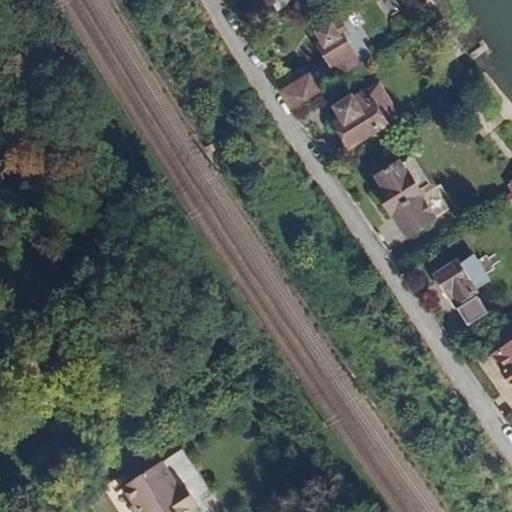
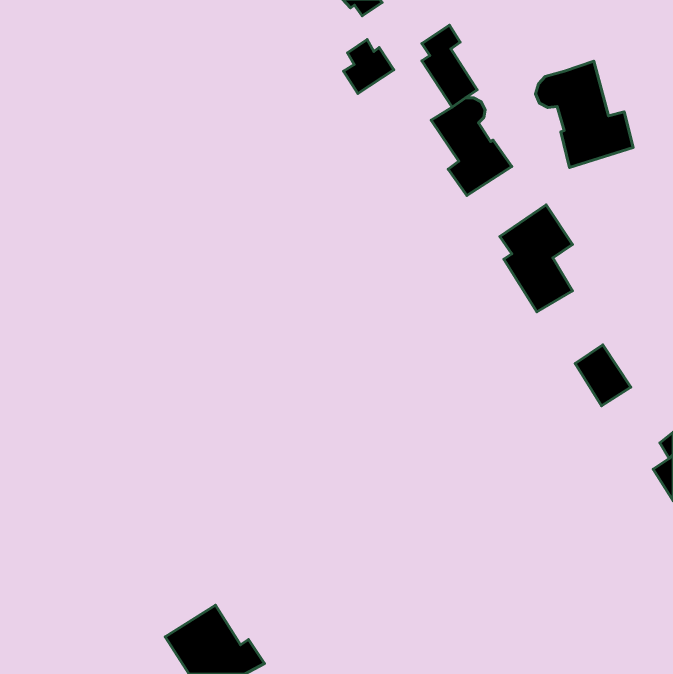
building: none -> [536,61,633,168]
building: [283,70,321,111] -> [343,39,394,94]

